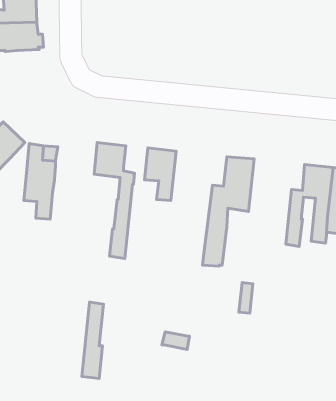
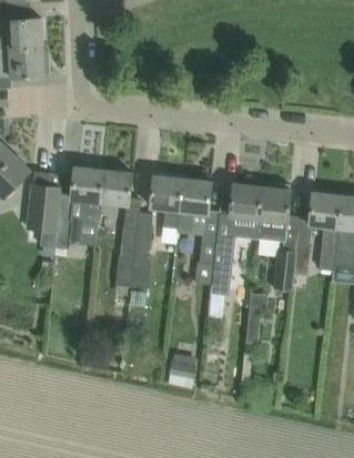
building: none -> [55,166,103,250]
building: none -> [178,179,220,285]
building: none -> [256,186,300,291]
building: [82,302,104,379] -> [131,212,153,289]

